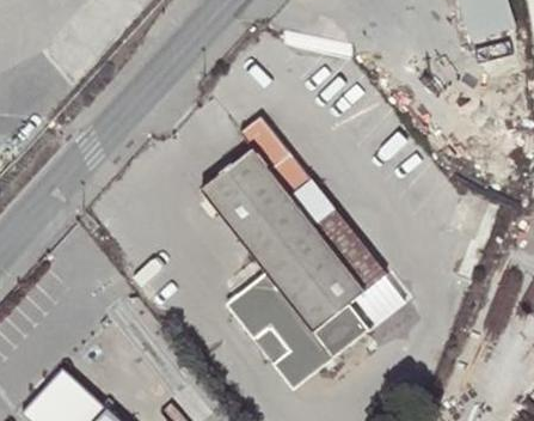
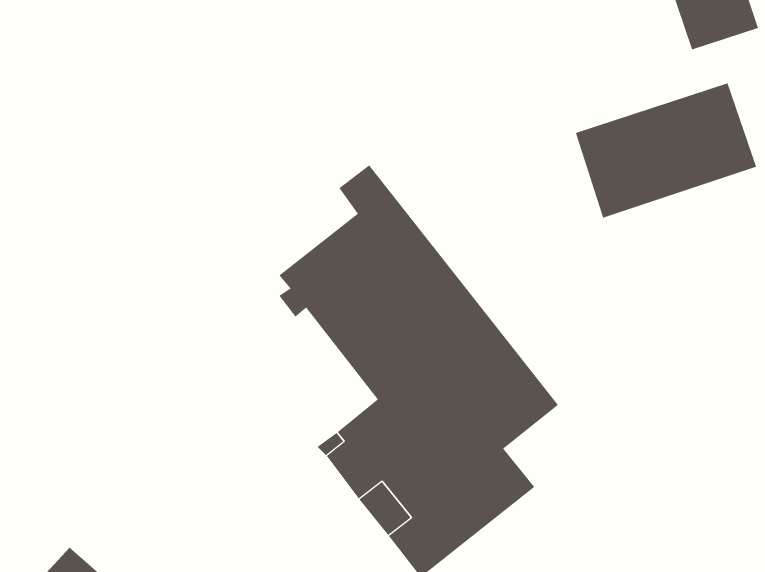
building: none -> [575,82,757,219]

